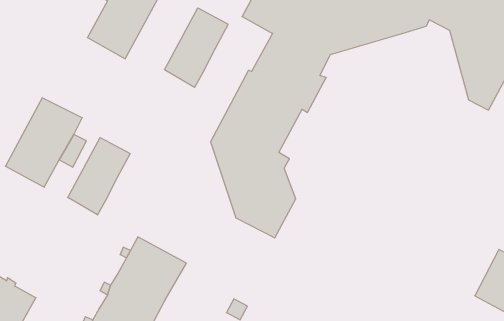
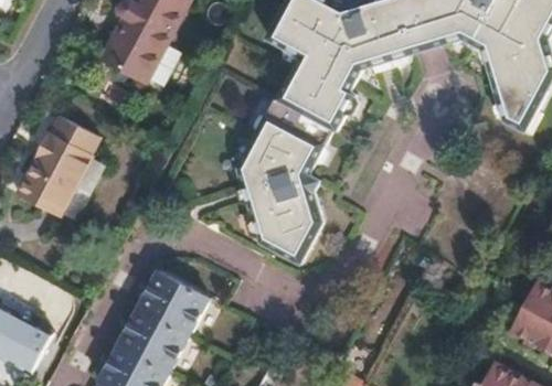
building: [164,8,228,87] -> none
building: [68,138,130,215] -> none

